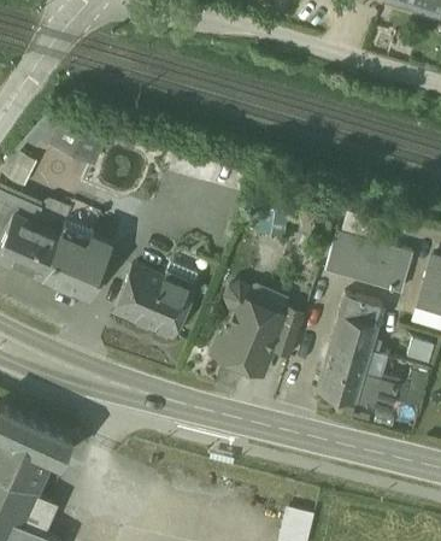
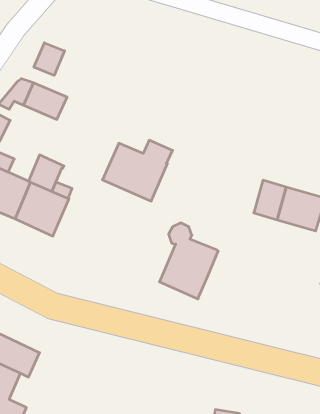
building: none -> [34,43,65,75]
building: [114,261,198,334] -> [102,140,173,201]
building: [321,294,399,411] -> none
building: [271,306,305,355] -> none

